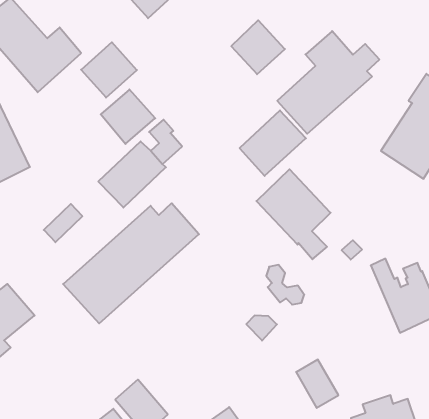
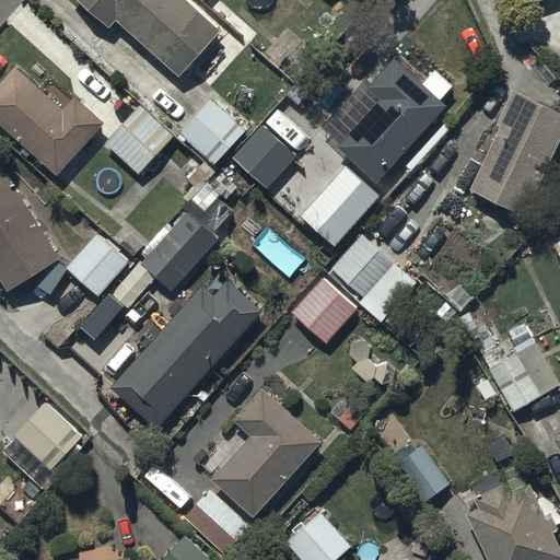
building: [231,20,285,74] -> [232,121,295,185]
building: [101,89,155,144] -> [178,95,243,160]
building: none -> [65,230,128,292]
building: none -> [290,275,354,340]
building: none -> [201,394,322,522]

